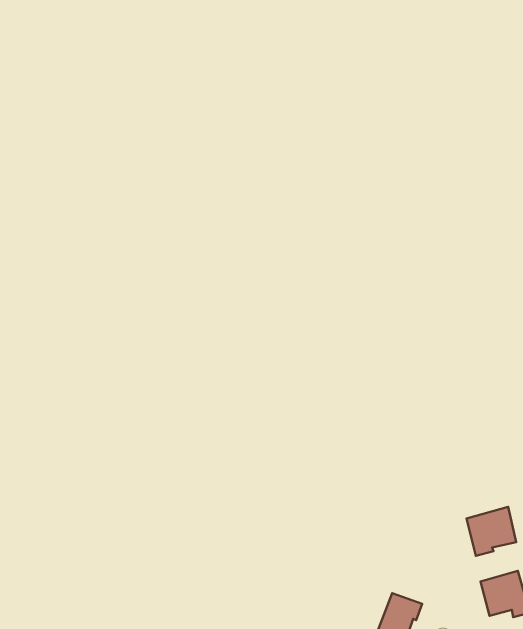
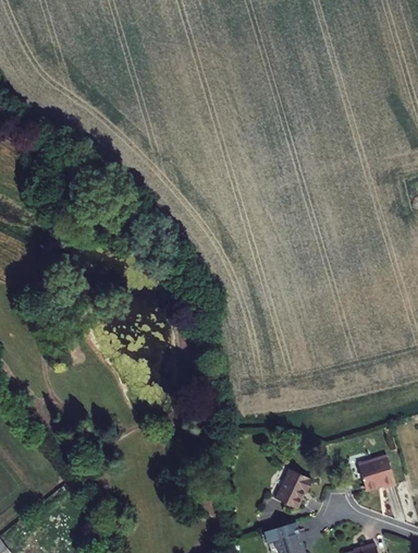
building: [466,507,516,556] -> none

